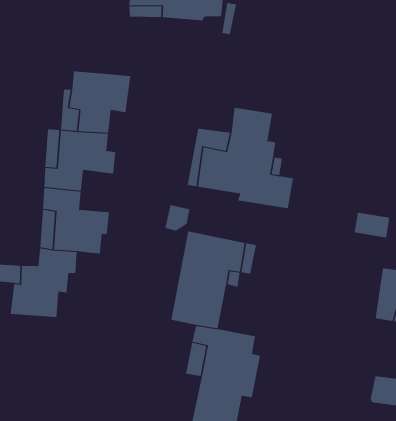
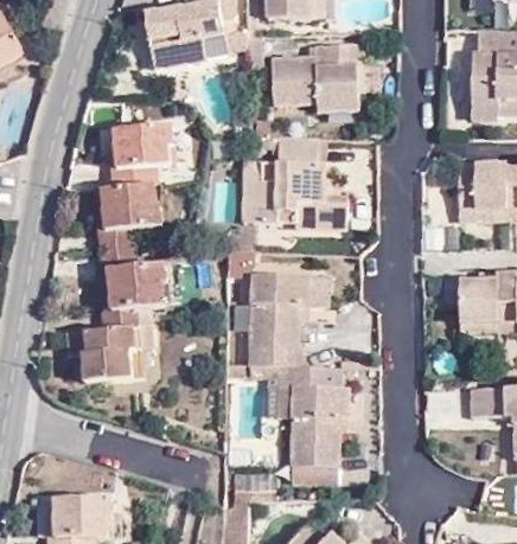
building: none -> [276,41,369,110]

